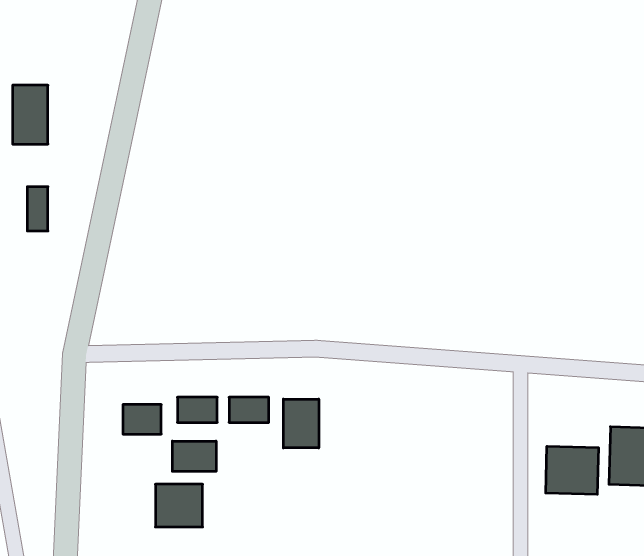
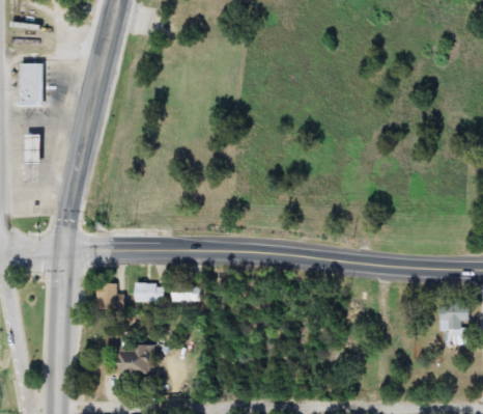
building: [283,399,319,448] -> none
building: [172,441,216,471] -> none
building: [546,446,598,494] -> none

